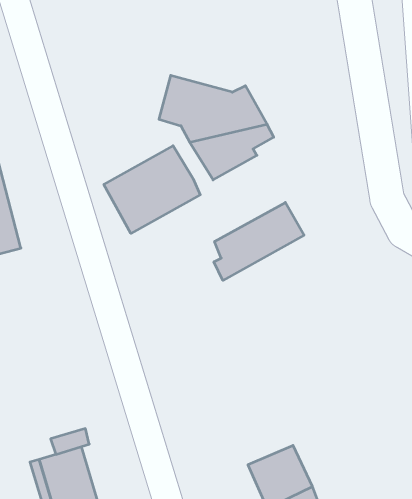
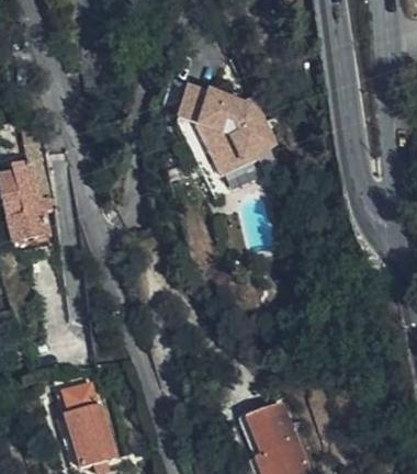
building: [104,146,200,233] -> none
building: [214,202,304,280] -> none

